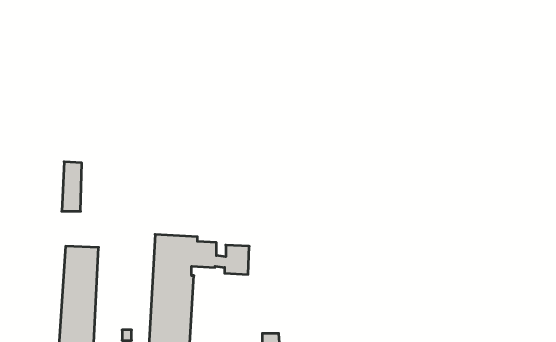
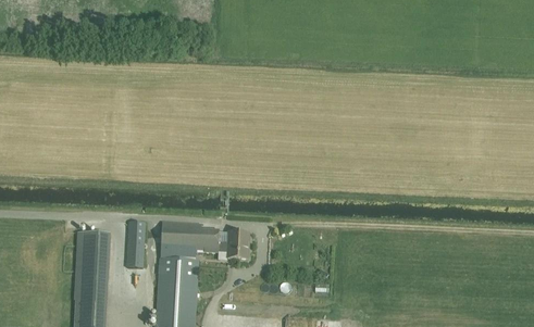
building: [62,162,82,211] -> [126,218,145,264]

